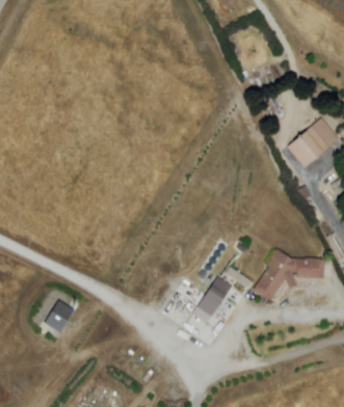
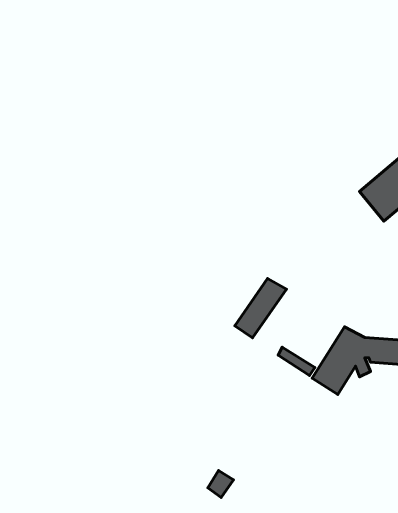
building: [192,278,232,324] -> [235,278,286,338]
building: [44,299,73,331] -> none

